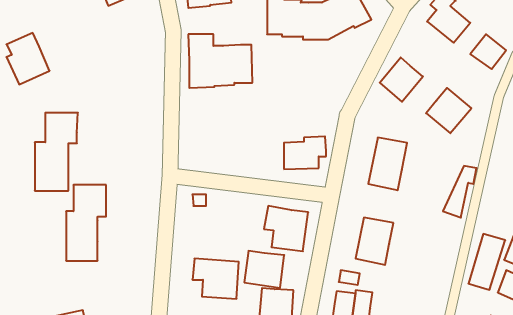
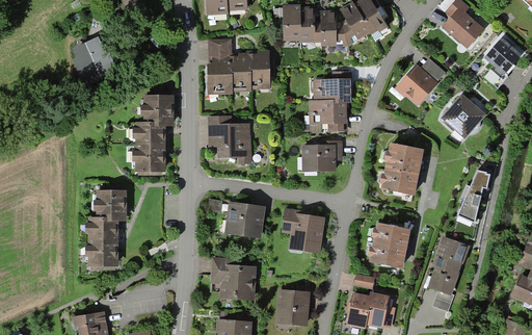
building: [6,33,50,84] -> [72,34,114,85]
building: none -> [309,79,349,124]
building: none -> [208,117,250,160]
building: [35,113,78,191] -> [133,94,176,171]
building: [468,234,505,290] -> [430,237,467,292]
building: [244,251,284,288] -> [224,203,264,239]

